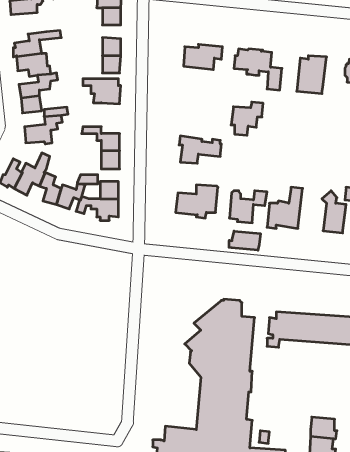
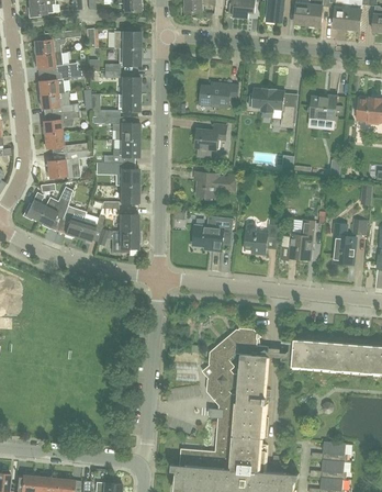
building: none -> [34,53,68,74]
building: [231,102,263,135] -> [194,125,225,157]
building: none -> [103,139,138,163]
building: [229,231,260,250] -> none

